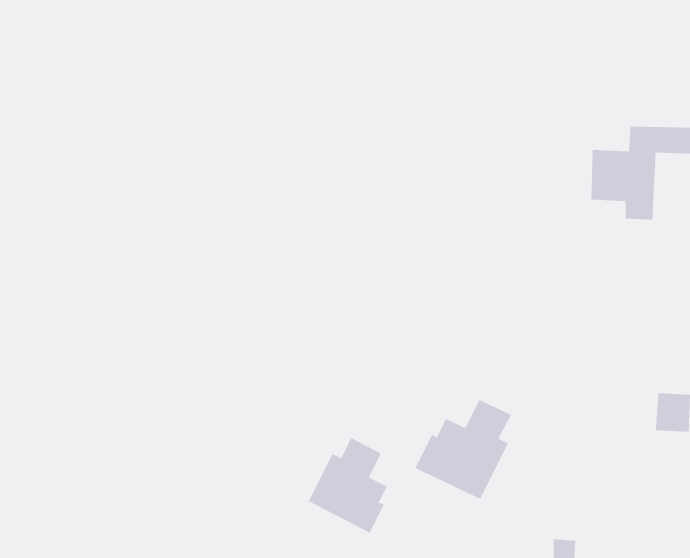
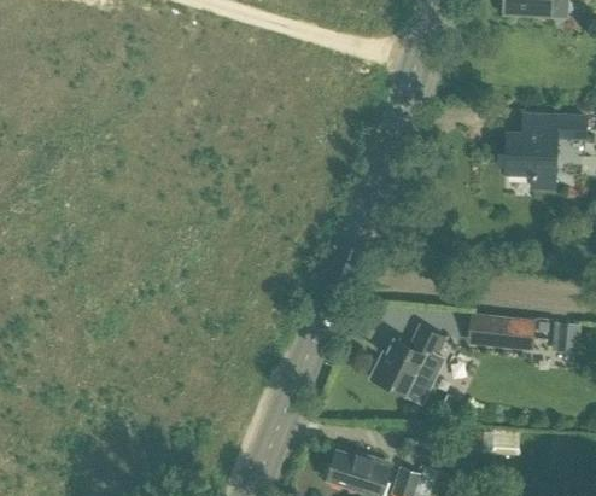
building: none -> [468,316,534,350]
building: [308,437,387,534] -> none

